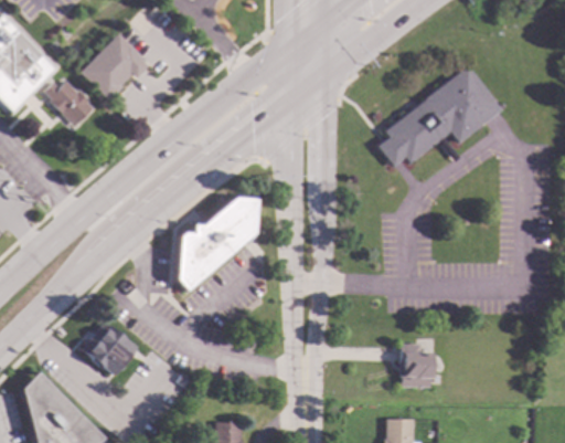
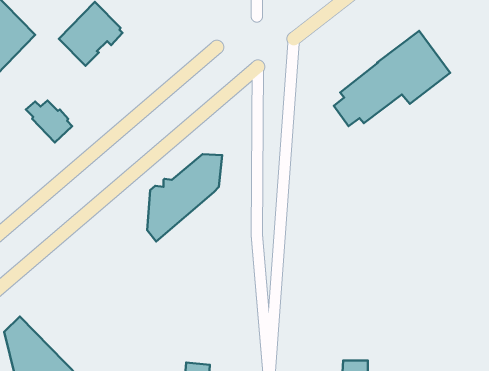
building: [45,81,95,126] -> [26,100,72,143]
building: [83,321,137,376] -> none
building: [398,342,429,387] -> none

